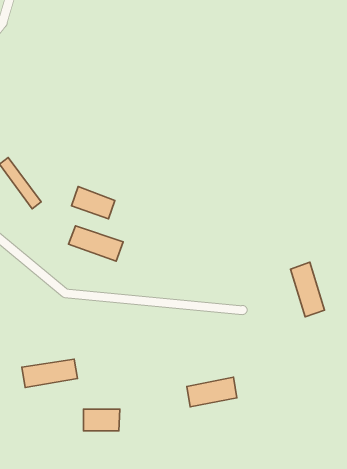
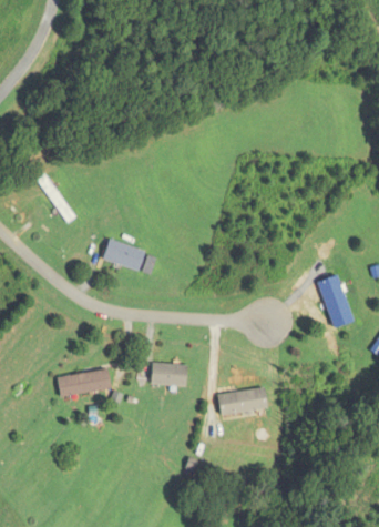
building: [71,187,115,219] -> none
building: [83,409,120,431] -> [152,364,187,385]

